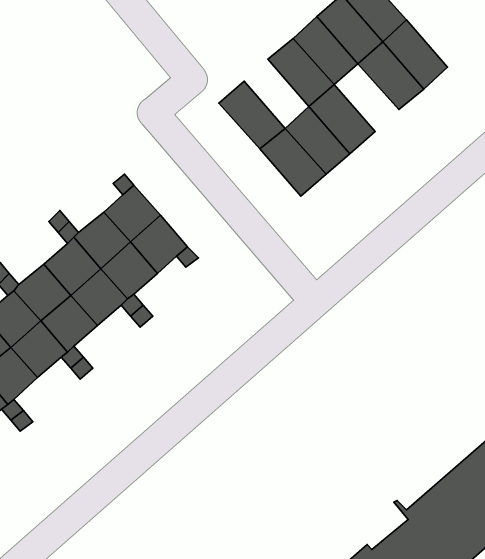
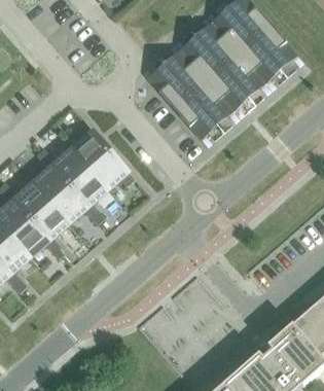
building: none -> [164,48,206,94]
building: none -> [222,51,264,96]

